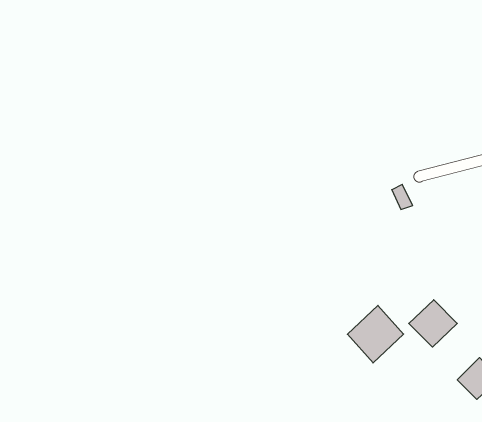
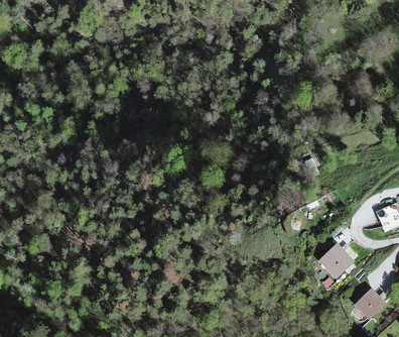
building: [347,305,404,363] -> none

